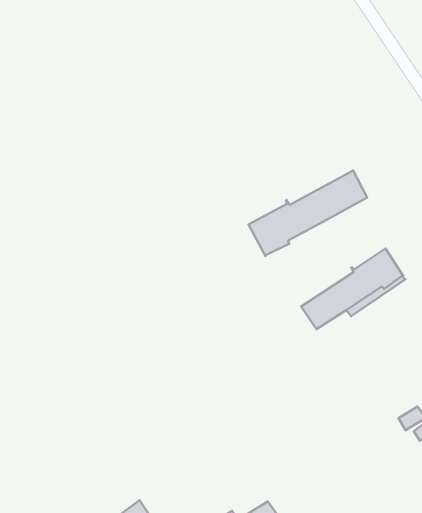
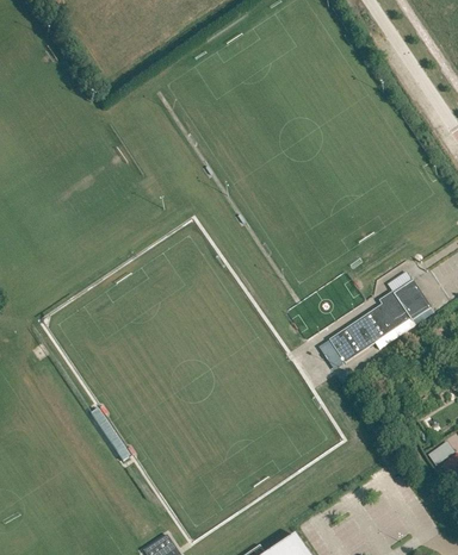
building: [248,171,367,256] -> none

